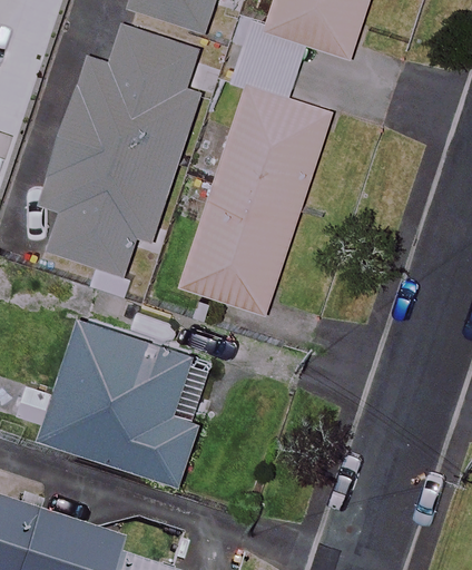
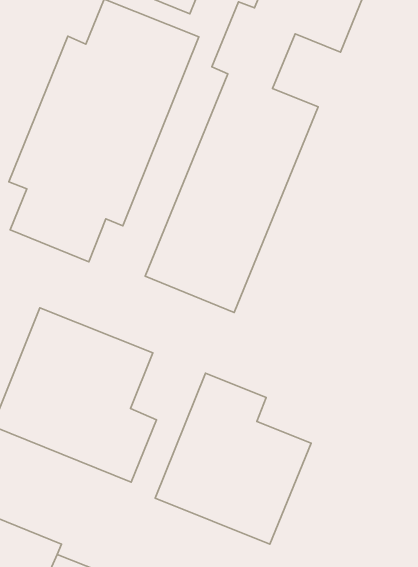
building: none -> [155,373,311,544]

